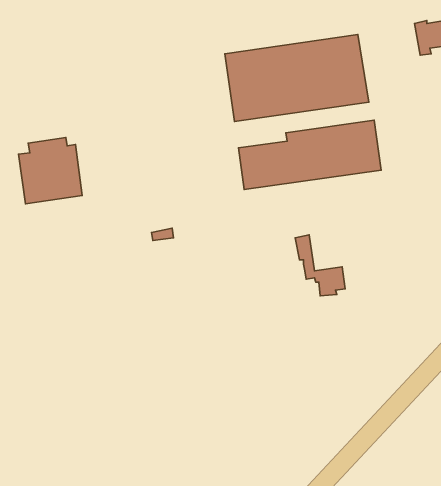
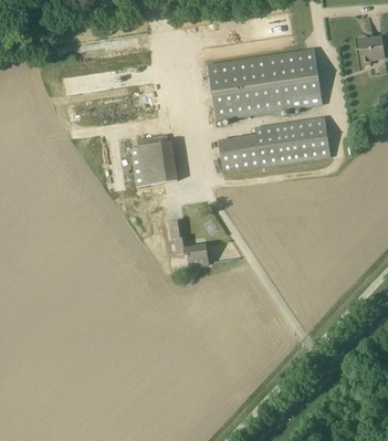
building: [19,138,82,204] -> [128,132,179,185]
building: [295,235,345,296] -> [167,218,207,266]

